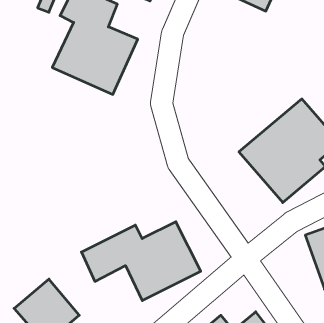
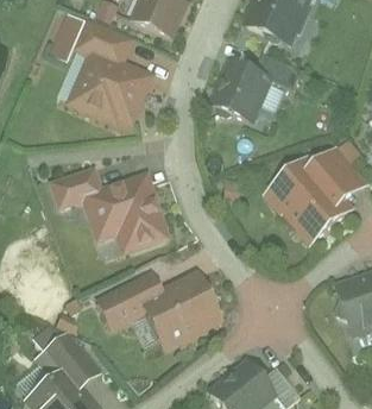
building: none -> [210,59,272,122]
building: none -> [50,166,170,253]

